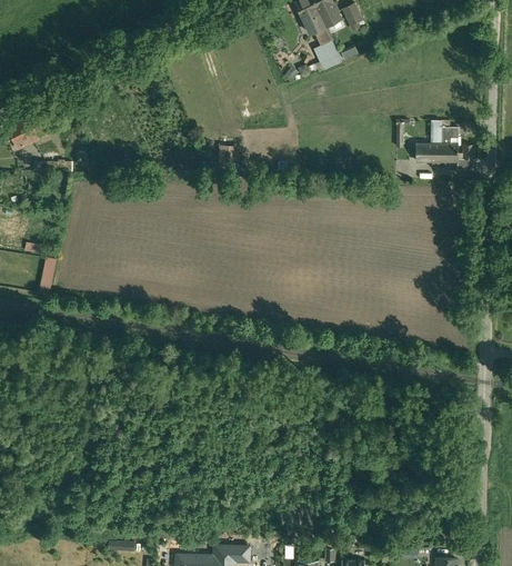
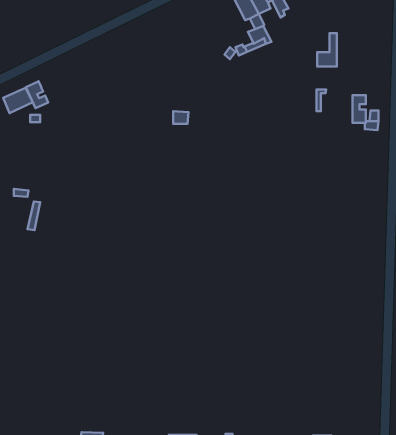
building: none -> [26,81,48,108]
building: [416,120,441,161] -> [317,33,337,67]

